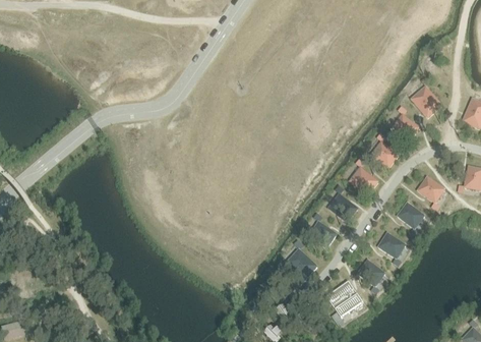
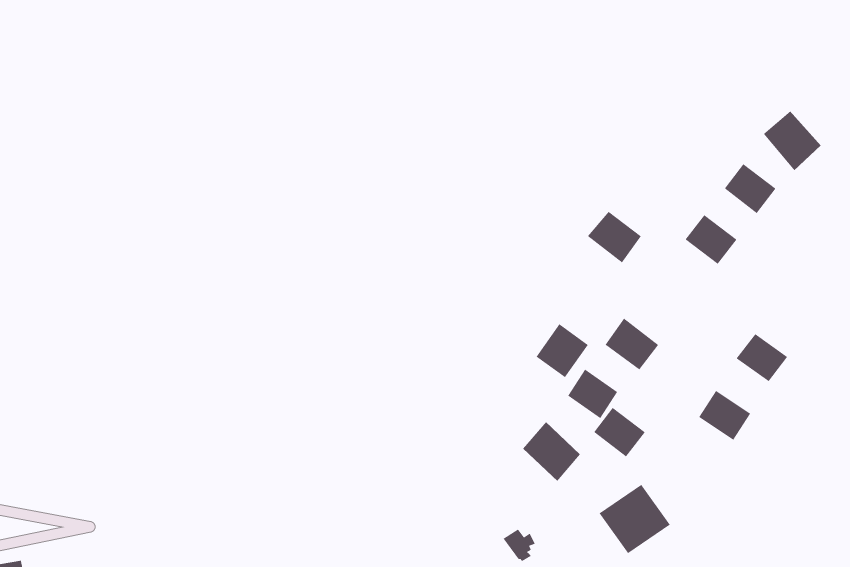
building: [349,167,377,194] -> [587,211,642,264]
building: [417,175,444,202] -> none
building: none -> [536,323,589,378]
building: [357,259,384,285] -> [593,407,646,458]

